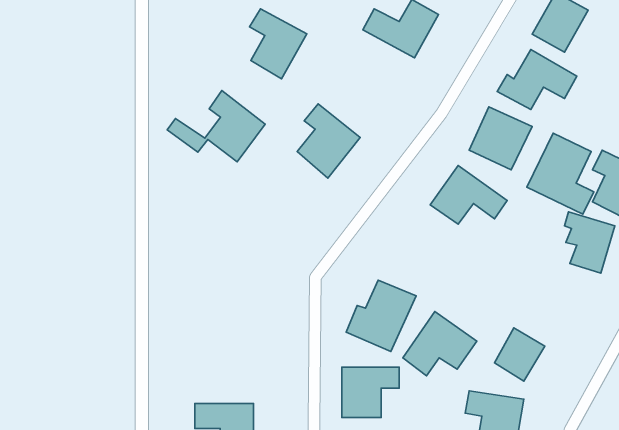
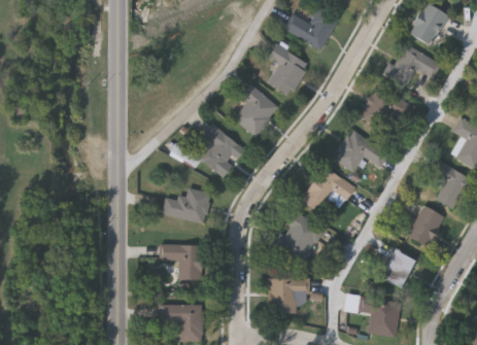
building: [249,9,307,79] -> [267,44,309,96]
building: [167,91,265,162] -> [172,124,244,176]
building: [527,133,594,214] -> none
building: none -> [162,187,211,222]
building: none -> [407,205,445,247]
building: [403,312,477,376] -> [301,166,355,213]
building: none -> [160,243,203,278]

